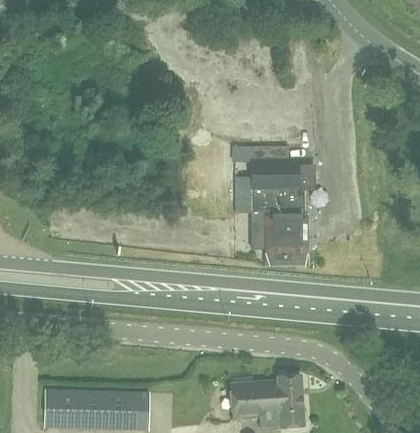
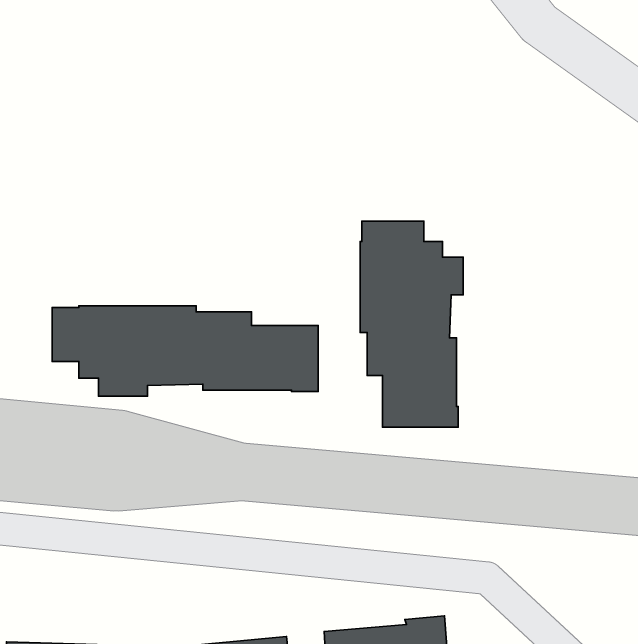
building: none -> [52,306,318,396]

